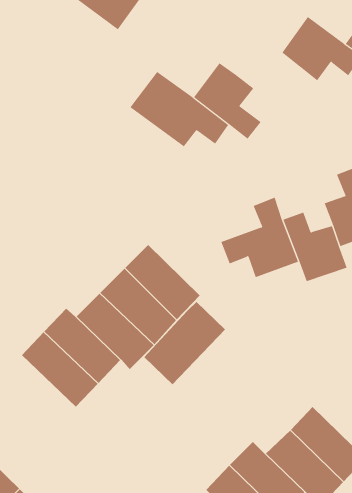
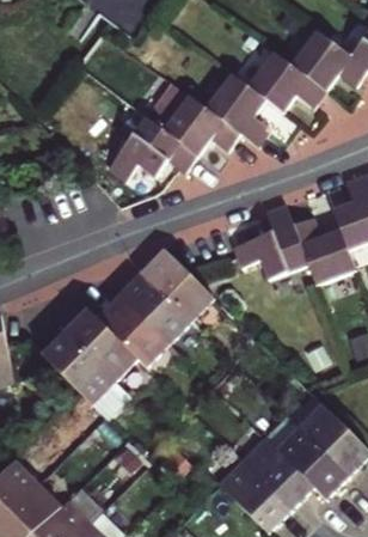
building: none -> [247,50,325,111]
building: none -> [106,116,197,183]
building: [143,301,226,385] -> none

